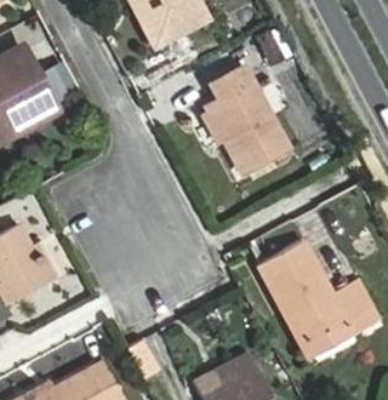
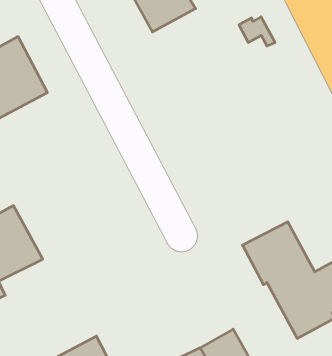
building: [207,64,287,172] -> none

